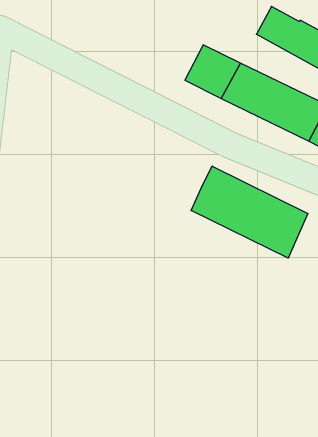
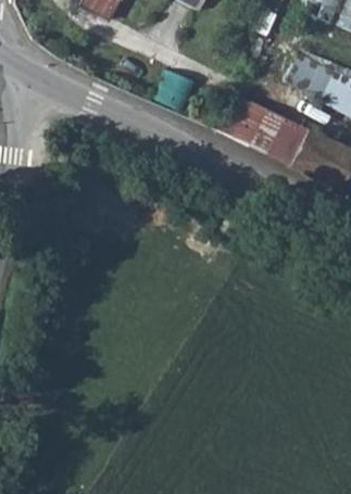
building: [191,166,308,258] -> none

